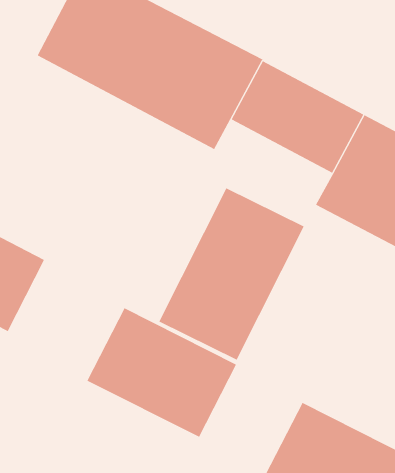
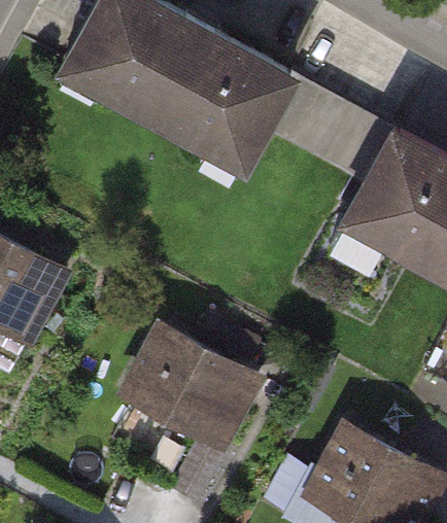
building: [159,188,304,360] -> none

